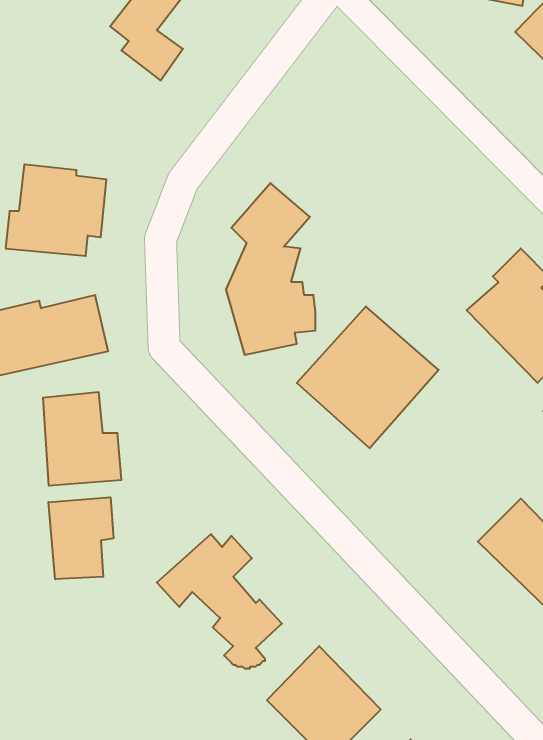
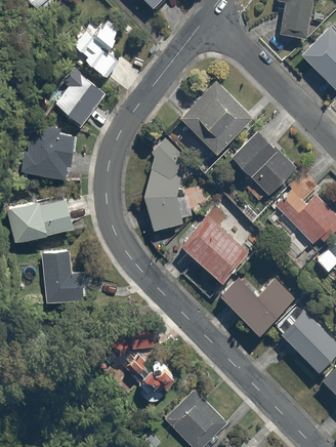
building: none -> [55,69,106,124]
building: none -> [179,80,253,153]
building: none -> [230,129,297,202]
building: none -> [219,277,294,334]
building: [48,497,113,579] -> none

